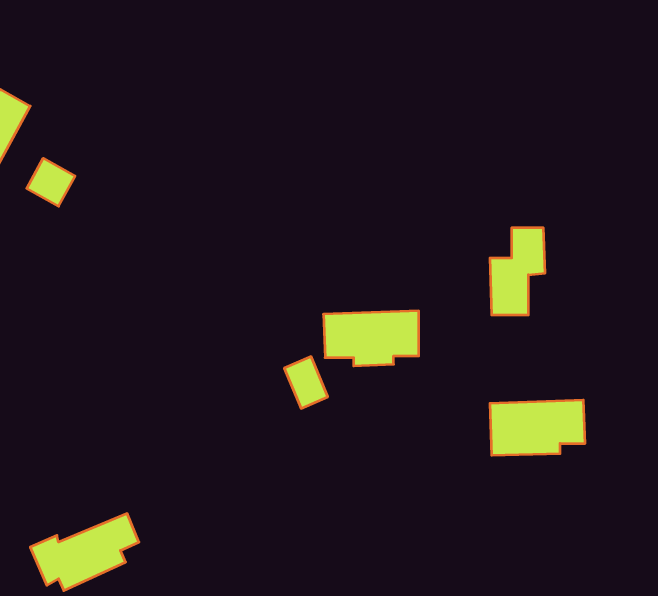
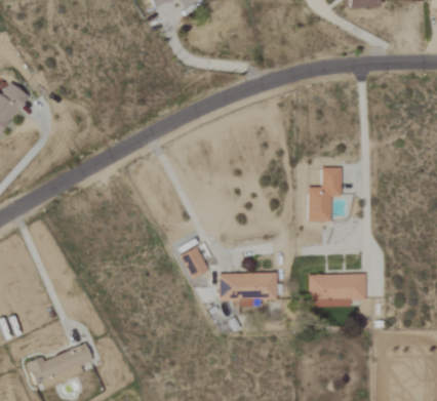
building: [27,158,75,206] -> none
building: [323,311,419,366] -> [220,272,278,306]

